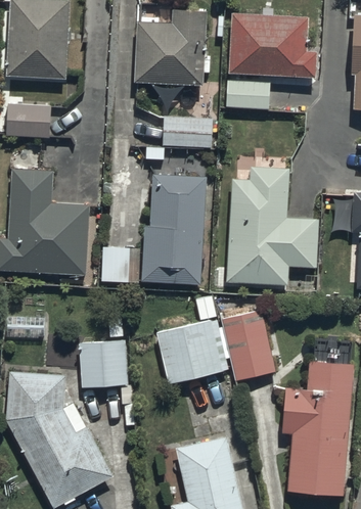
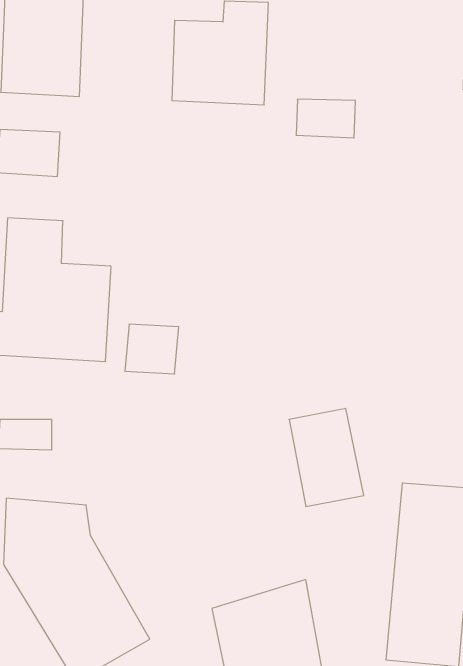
building: [225,12,316,75] -> none
building: [160,115,212,148] -> none
building: [225,159,317,285] -> none
building: [147,177,207,287] -> none
building: [155,296,227,381] -> none
building: [77,317,127,387] -> none

